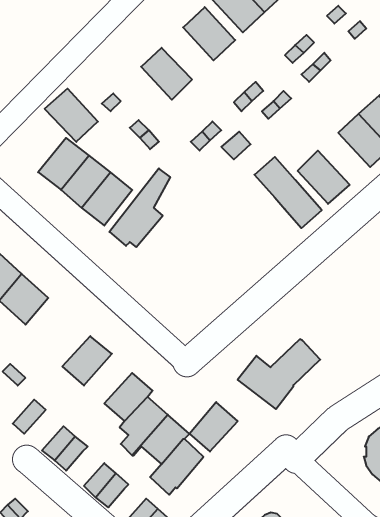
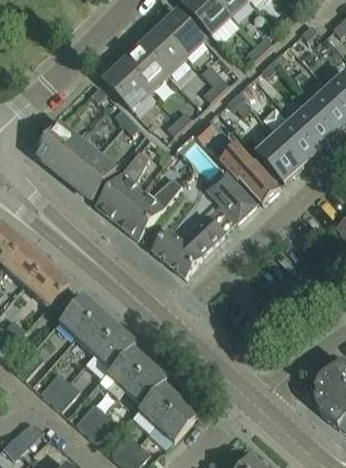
building: none -> [142,28,187,73]
building: [45,89,98,142] -> [105,62,151,108]
building: none -> [276,119,321,164]
building: none -> [207,170,256,220]
building: none -> [120,176,182,238]
building: none -> [25,261,68,303]
building: [238,339,320,409] -> [154,215,225,275]
building: none -> [75,309,117,351]
building: [189,402,238,452] -> [155,397,196,440]

